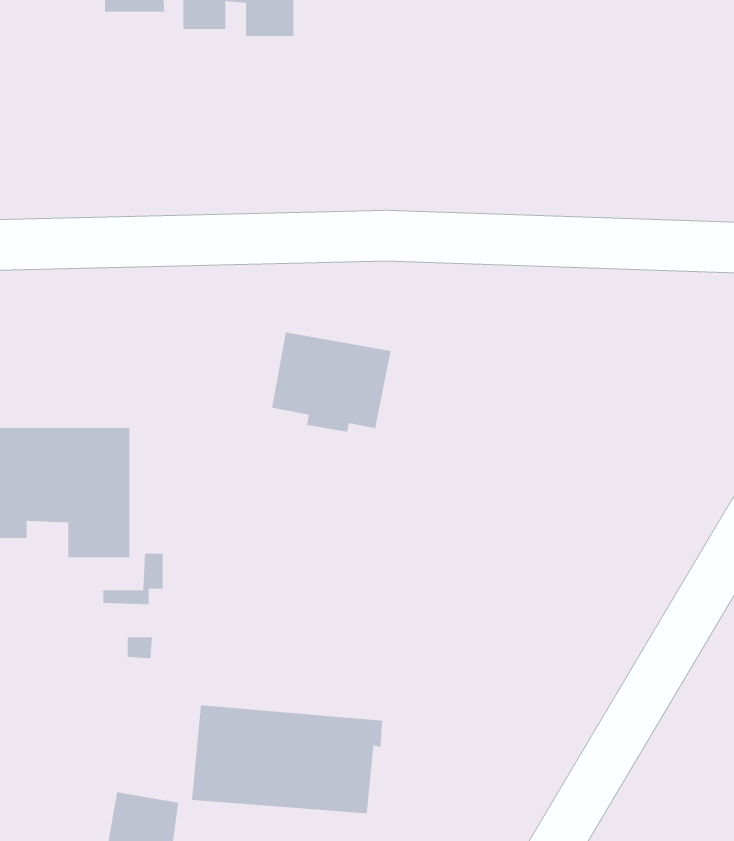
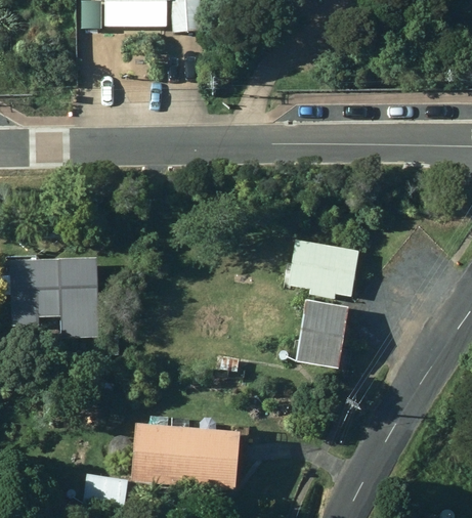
building: [271,331,391,433] -> [288,240,358,299]
building: none -> [295,300,347,368]

